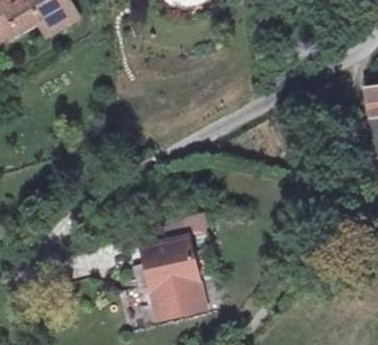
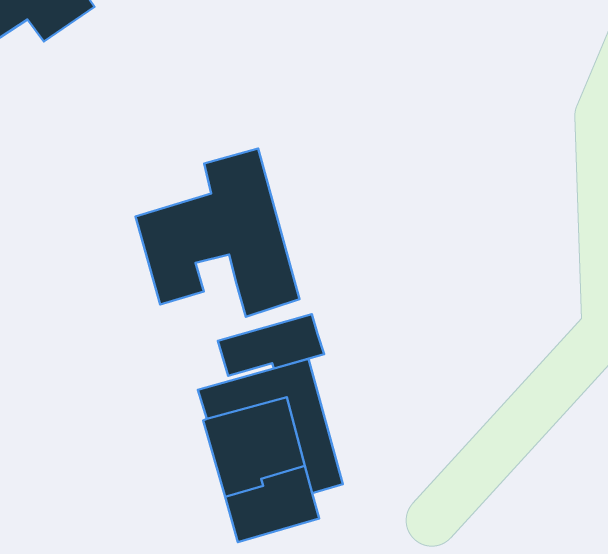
building: none -> [135,148,300,317]
building: none -> [218,314,324,376]

